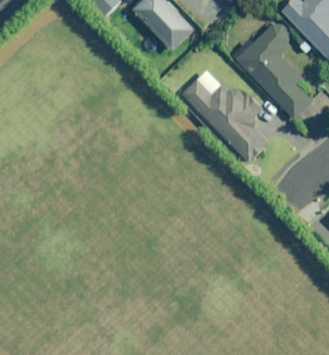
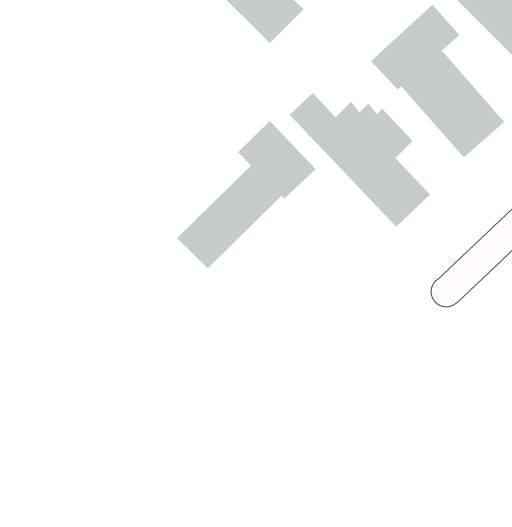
building: none -> [176,120,316,269]

